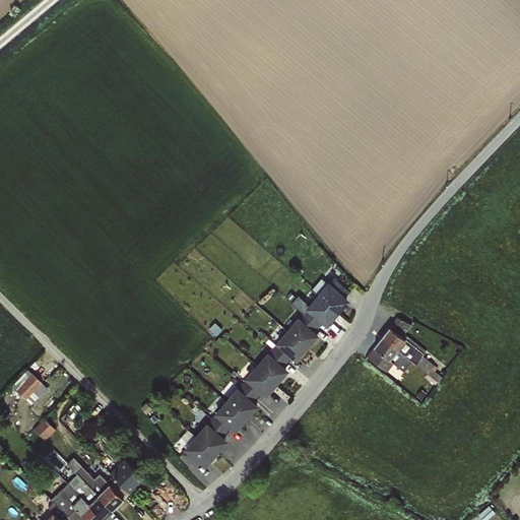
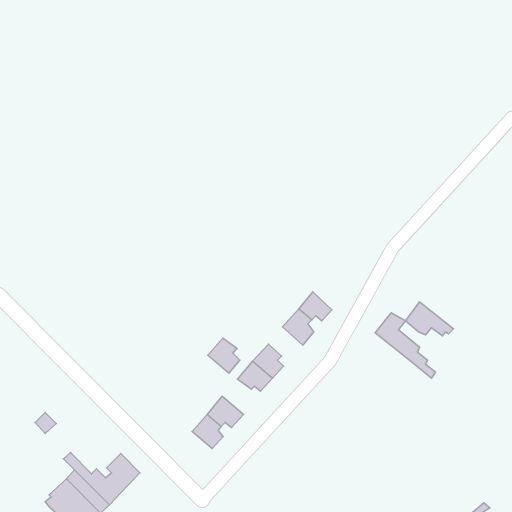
building: [316,279,347,315] -> none
building: [271,332,306,363] -> none
building: [365,338,413,373] -> [405,302,454,336]
building: [12,369,44,399] -> none
building: [224,385,257,420] -> [208,338,240,373]
building: [176,432,214,468] -> none

